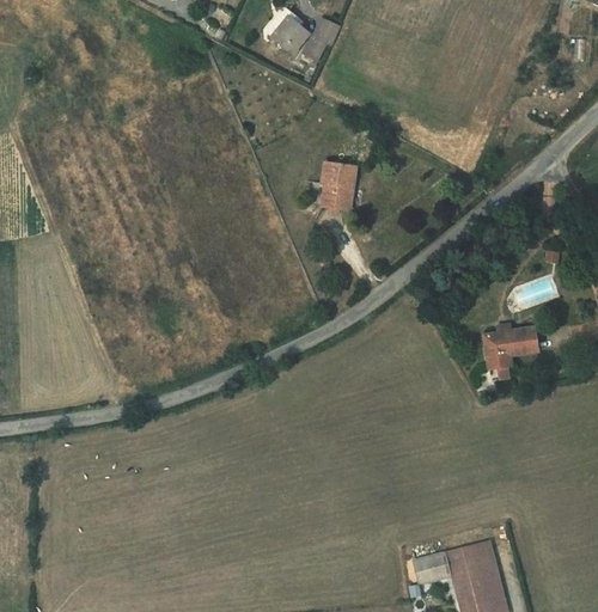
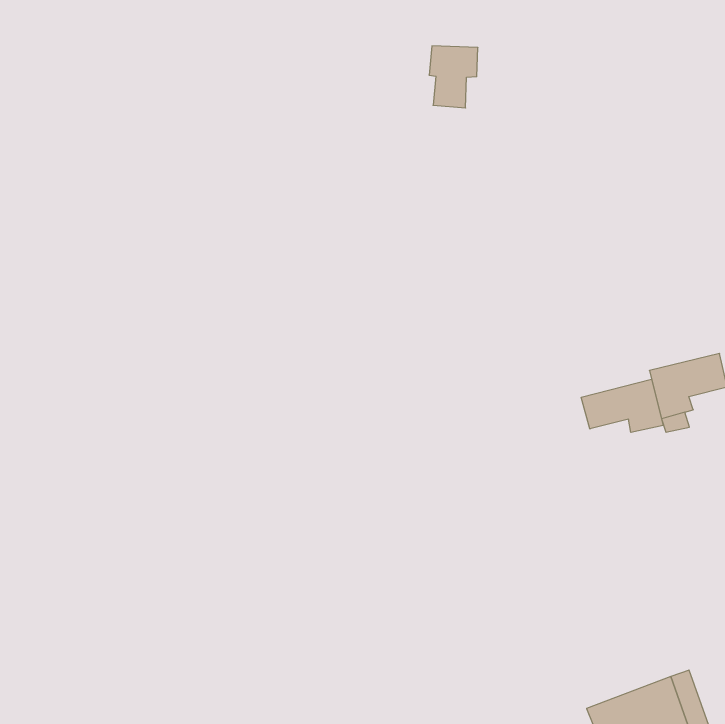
building: [319,161,355,207] -> [429,46,478,108]
building: none -> [581,379,663,432]

